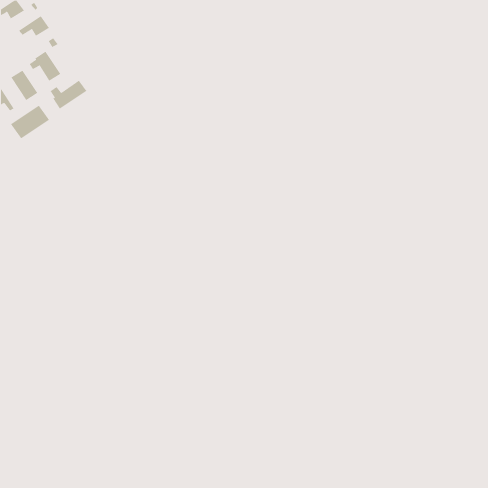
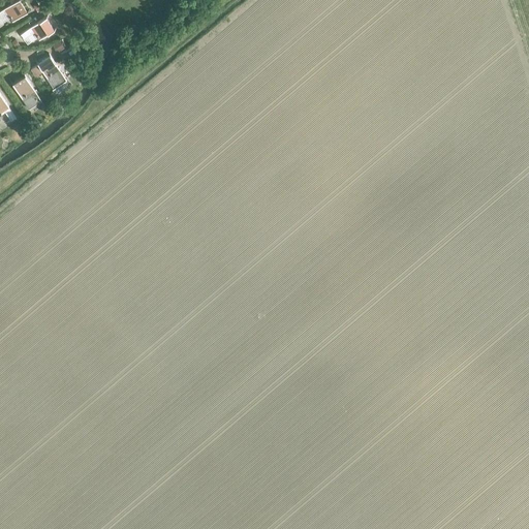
building: [50,80,87,109] -> none
building: [10,105,50,139] -> none

